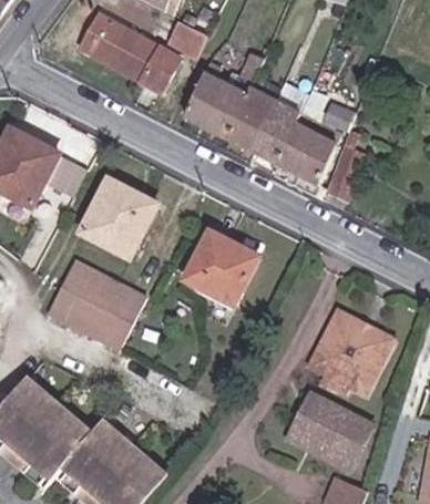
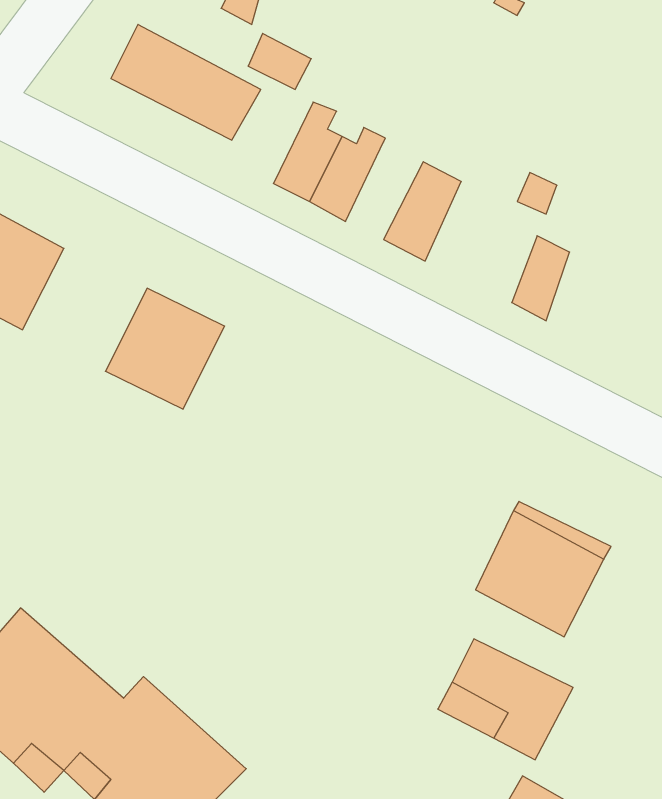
building: [226,89,274,148] -> none
building: [275,113,337,183] -> none
building: [184,230,258,302] -> none
building: [43,257,142,347] -> none

